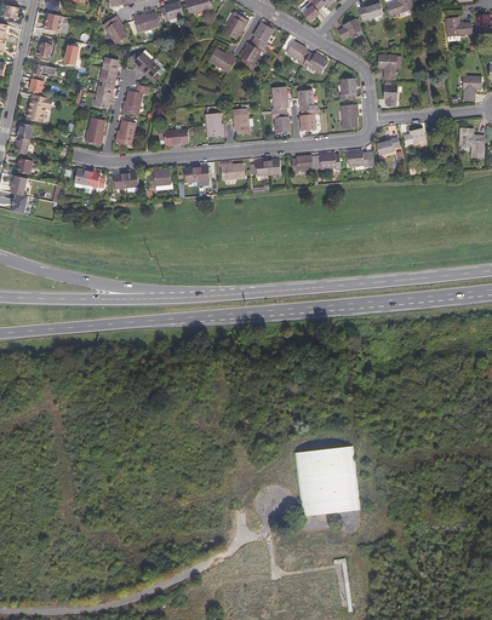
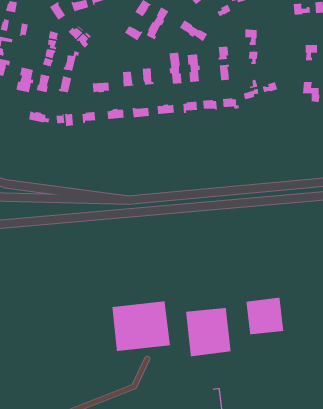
building: none -> [16,67,34,93]
building: none -> [246,297,284,335]
building: none -> [111,300,171,352]

